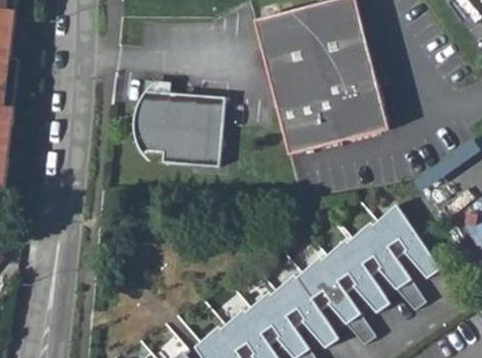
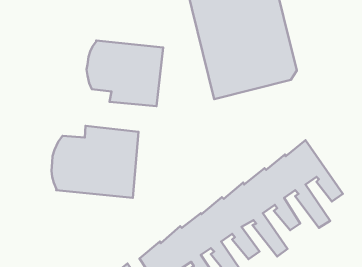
building: none -> [51,126,139,198]

